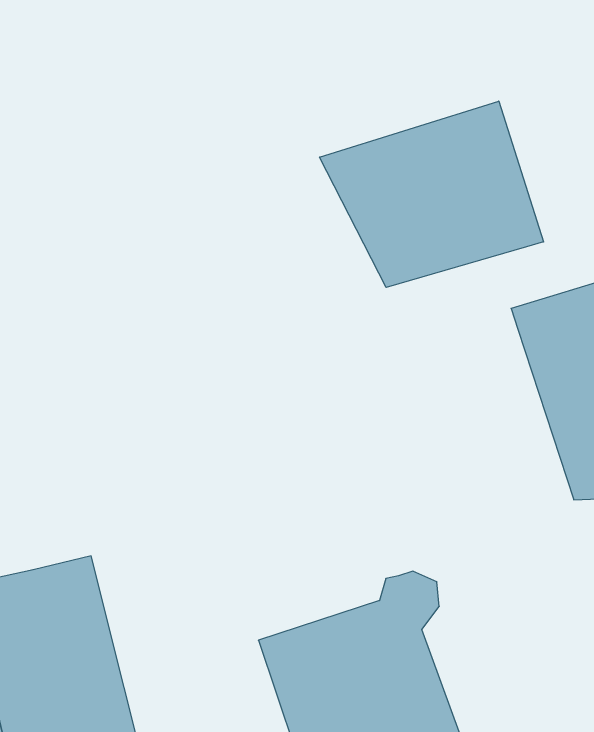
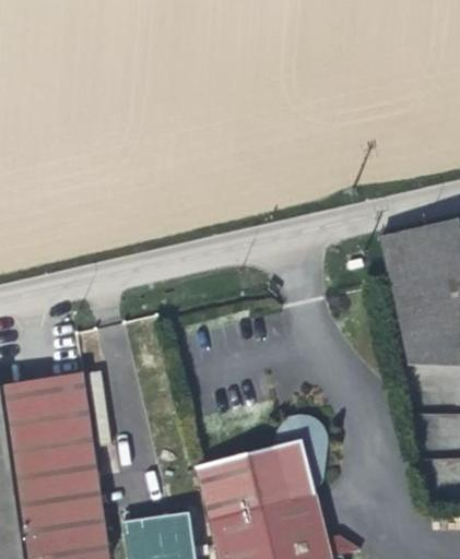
building: [320,101,544,287] -> none

